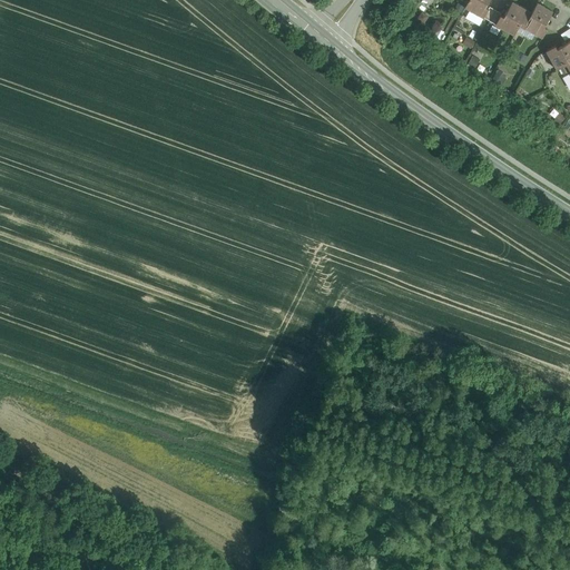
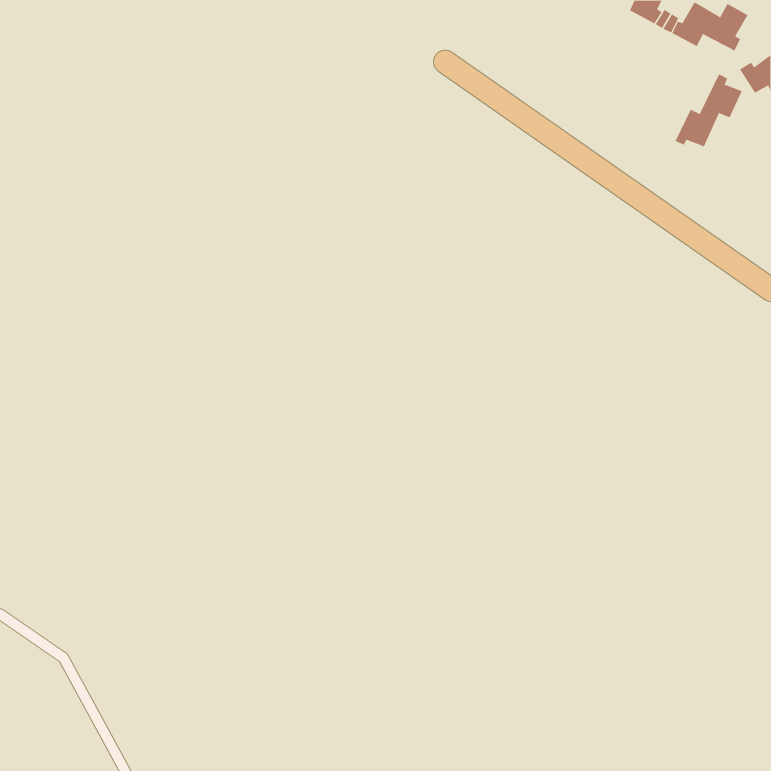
building: none -> [675,74,742,147]

